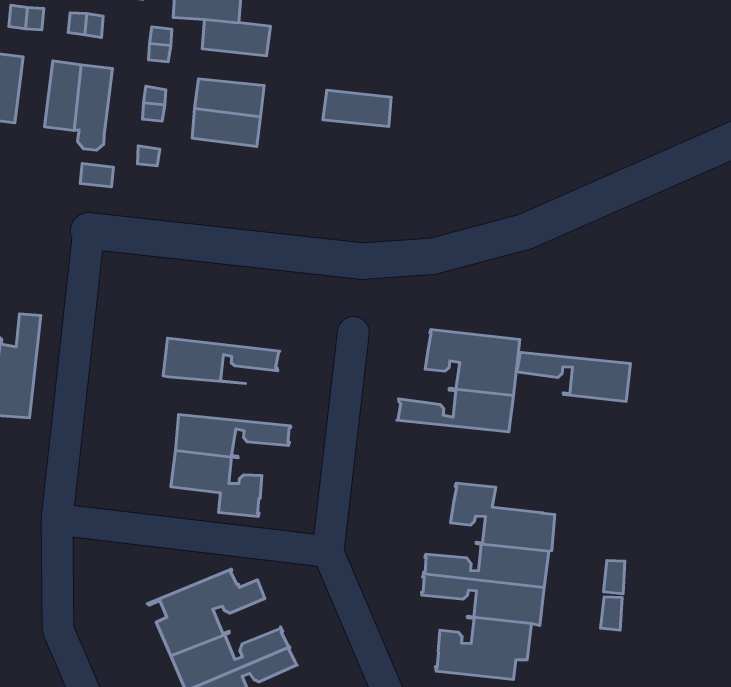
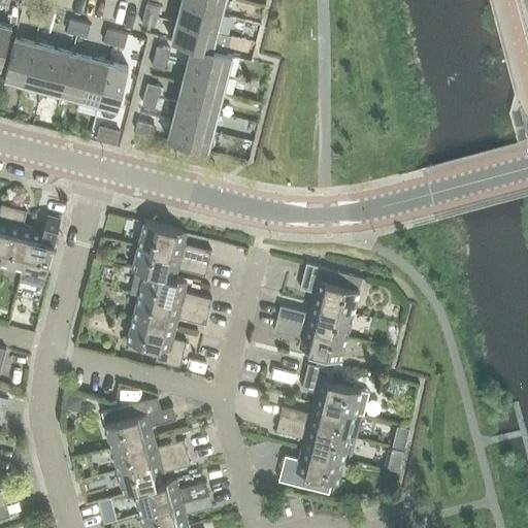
building: none -> [61,54,91,100]
building: [323,90,391,127] -> [182,65,227,94]
building: none -> [167,121,212,151]
building: none -> [138,223,211,264]
building: [516,352,631,402] -> [273,319,346,360]
building: none -> [129,270,211,312]

